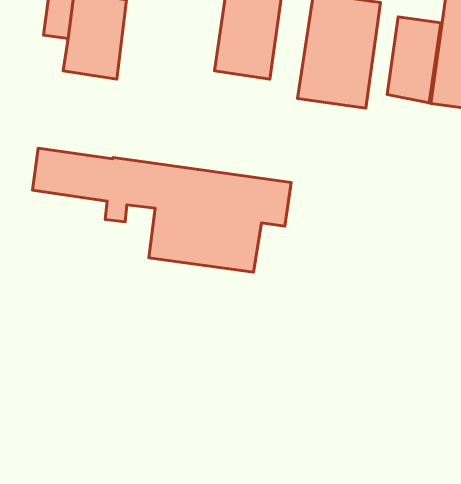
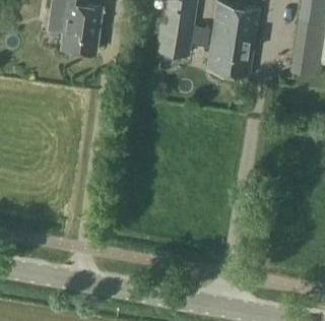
building: [387,17,441,103] -> none
building: [32,148,291,272] -> none

